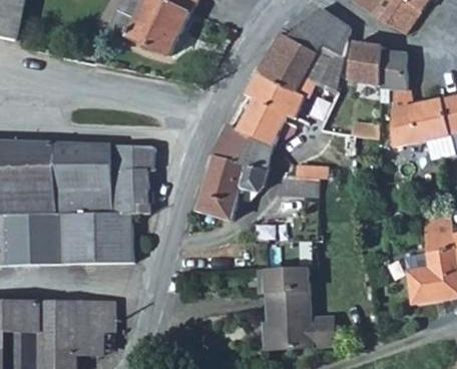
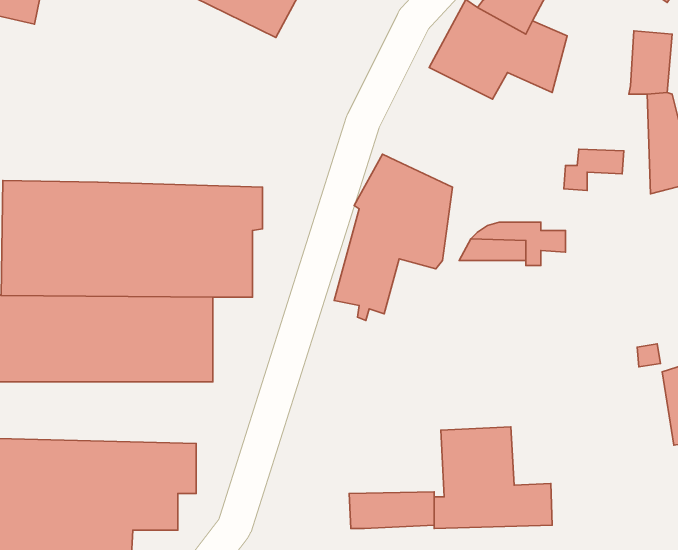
building: [349,41,383,83] -> none
building: [239,72,338,144] -> none
building: [257,269,308,291] -> [349,492,434,528]

